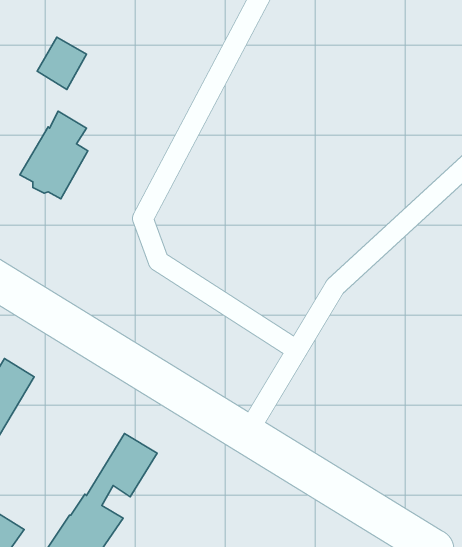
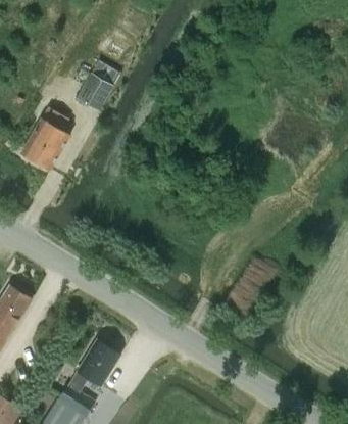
building: [37,37,87,90] -> [77,74,112,111]

